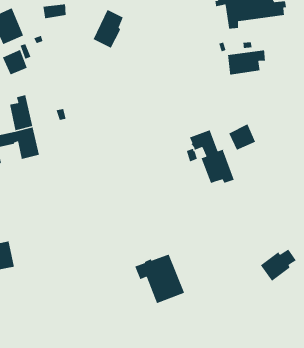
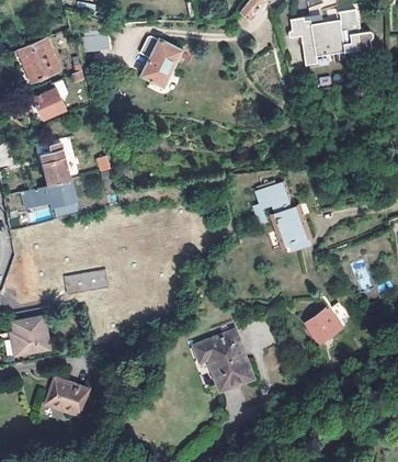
building: [227,49,266,75] -> none
building: [228,123,256,151] -> none
building: none -> [69,271,102,295]
building: [260,248,297,282] -> [305,303,349,342]
building: none -> [44,376,88,416]

